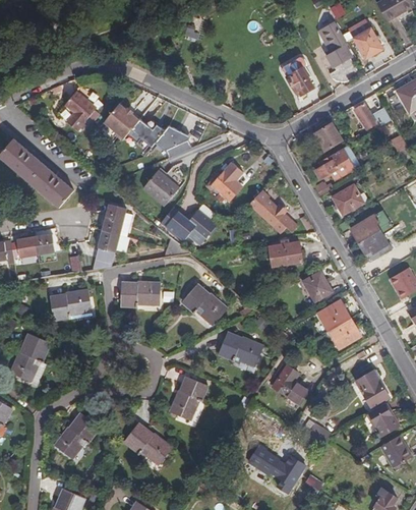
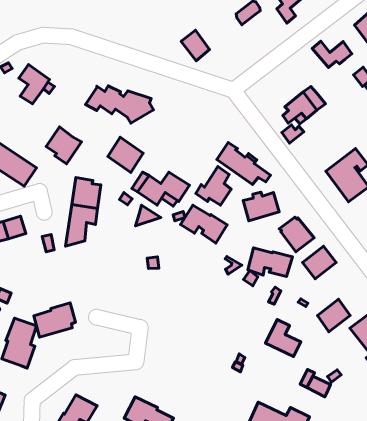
building: [286,68,312,98] -> [181,30,210,61]
building: [105,102,139,138] -> [46,127,81,164]
building: [312,123,340,151] -> none
building: [206,162,241,200] -> [196,166,231,205]
building: [332,183,363,213] -> none
building: [125,283,165,306] -> none
building: [184,288,229,328] -> [181,205,227,243]
building: [56,289,96,319] -> [34,303,76,337]
building: [326,318,358,348] -> [317,299,350,332]
building: [221,336,265,367] -> [248,248,293,276]
building: [174,379,210,421] -> none

